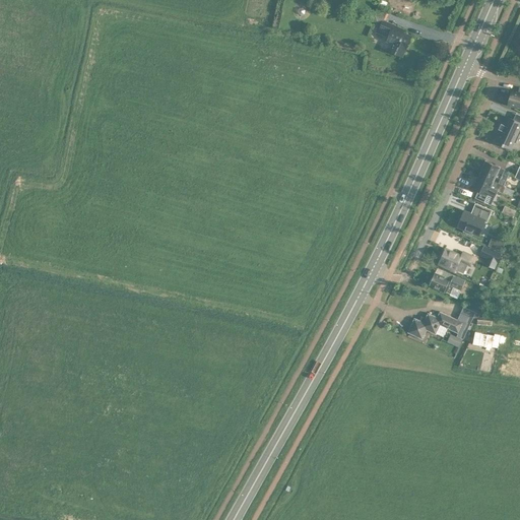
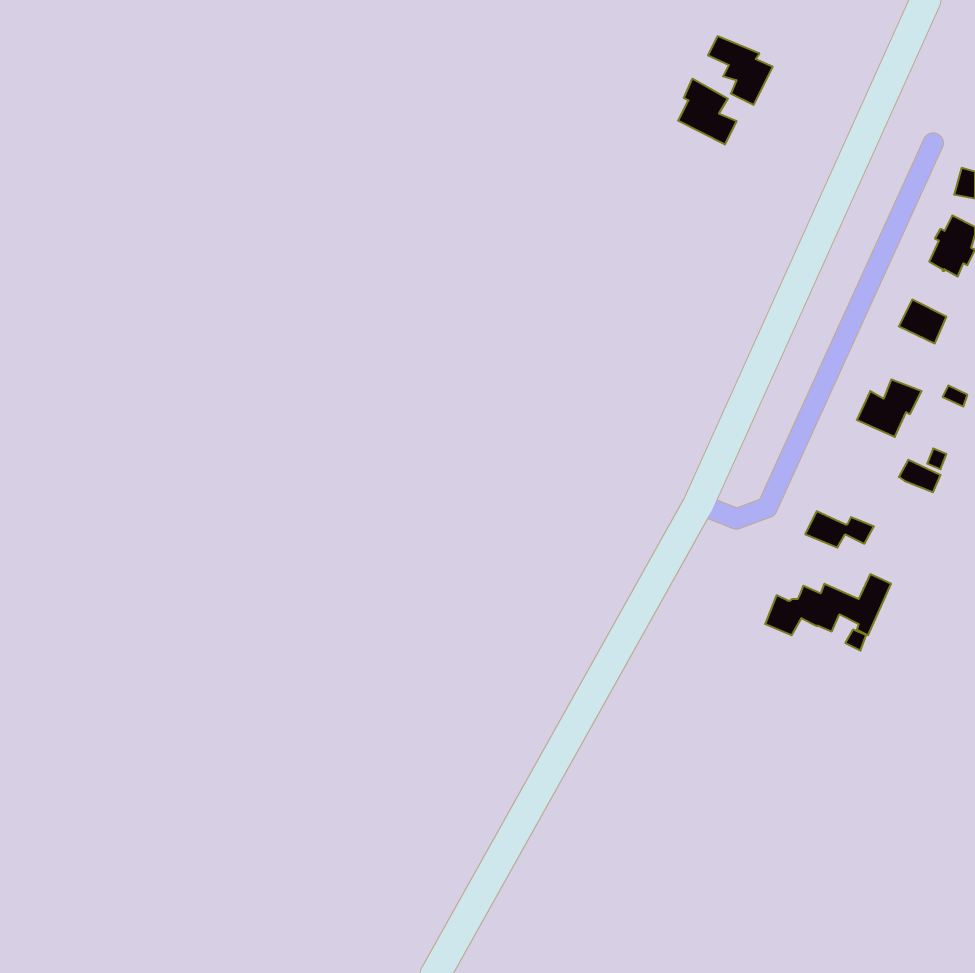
building: none -> [678,79,737,145]
building: [472,175,506,204] -> none
building: [439,249,473,273] -> none

